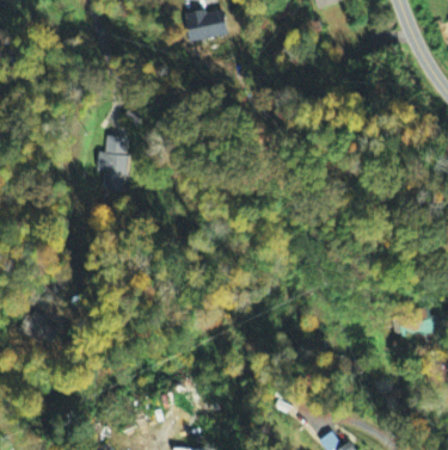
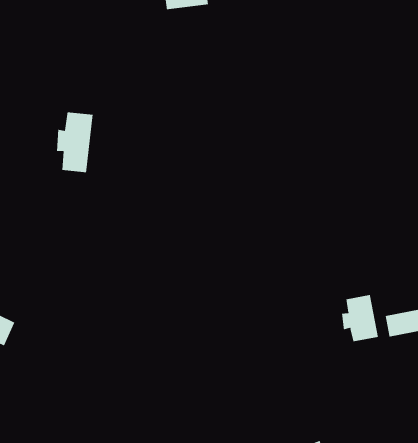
building: none -> [342,294,378,342]

